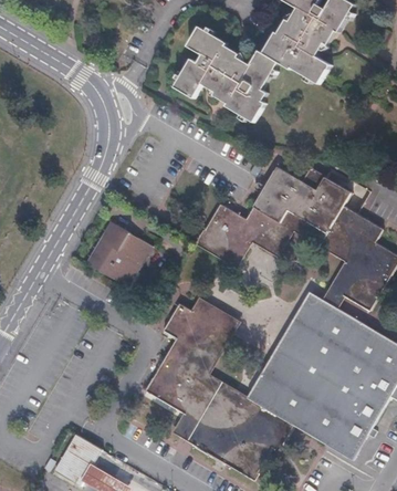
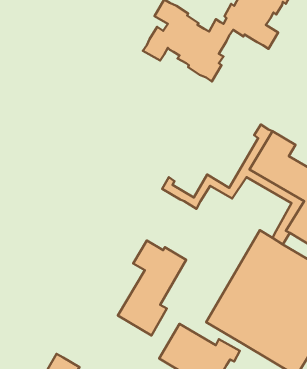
building: [203,167,306,253] -> none
building: [85,222,153,288] -> none
building: [175,300,290,439] -> none

